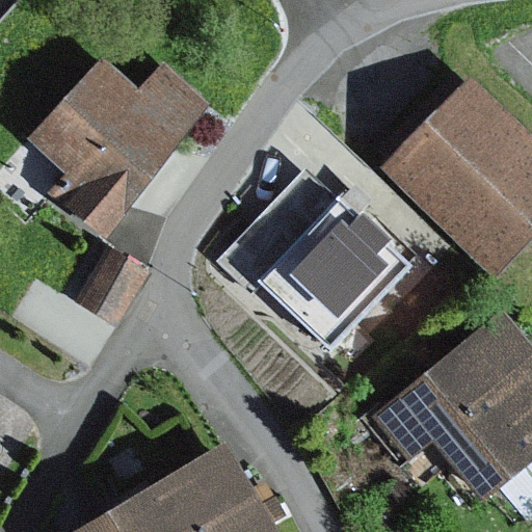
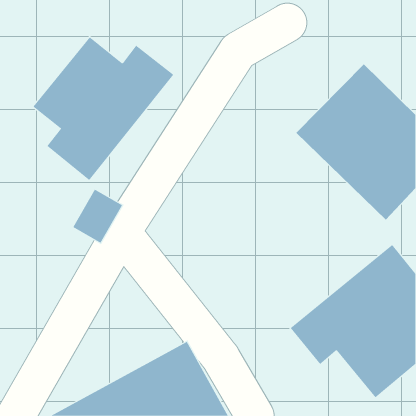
building: [213,169,409,358] -> none

